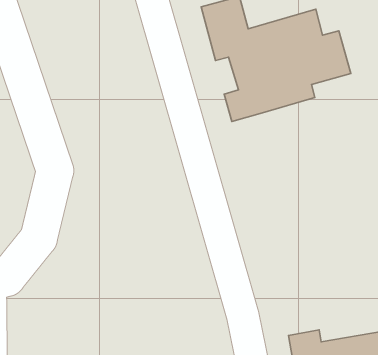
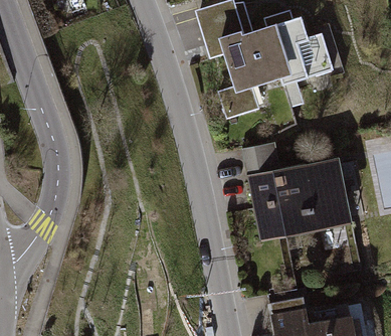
building: none -> [244,158,345,241]

